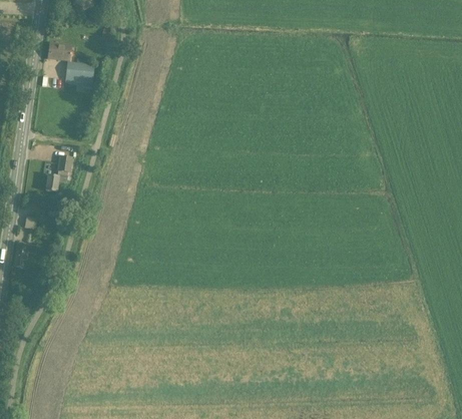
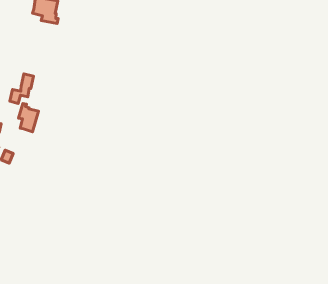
building: none -> [19,103,38,132]

